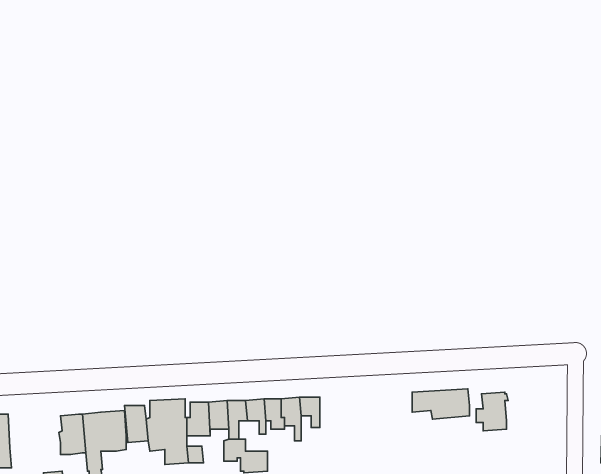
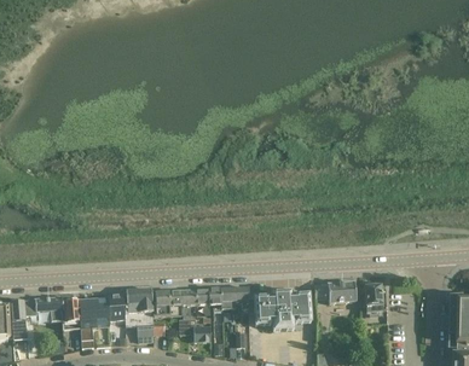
building: none -> [253,289,311,330]
building: none -> [24,297,63,324]

